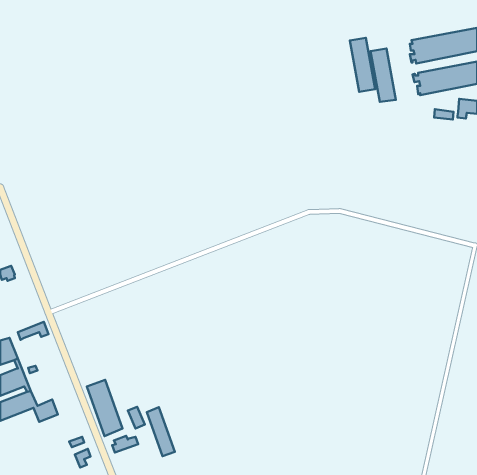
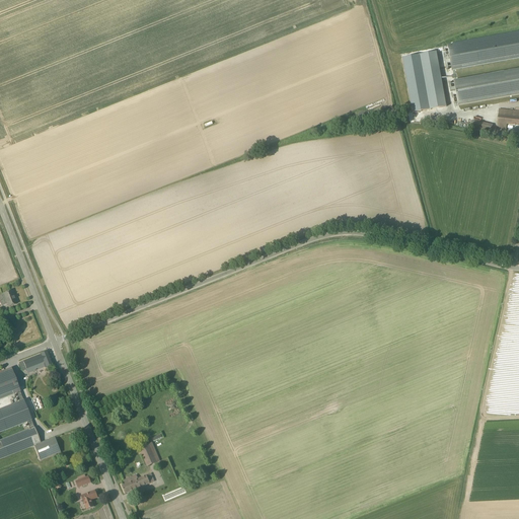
building: [350,38,375,92] -> [420,50,447,108]
building: [87,380,123,436] -> none
building: [147,407,175,456] -> none

